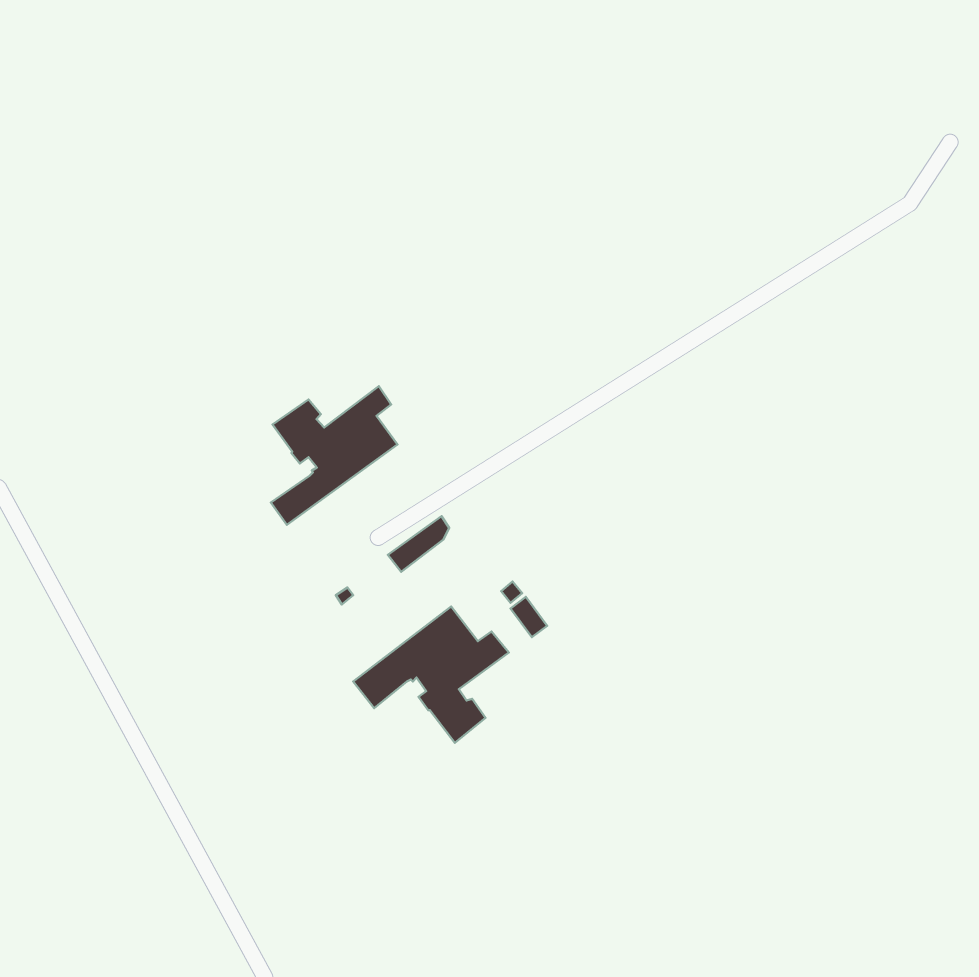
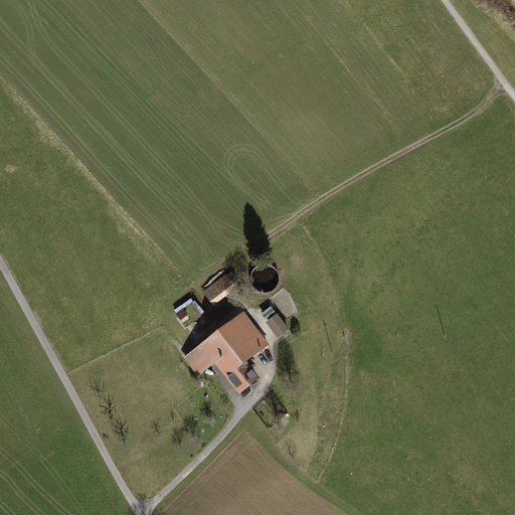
building: [271,386,397,525] -> none

